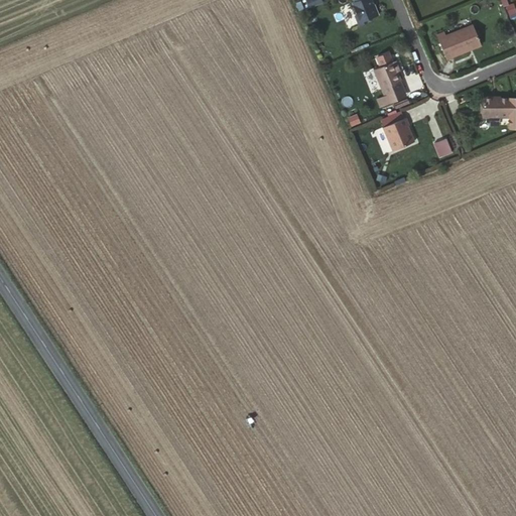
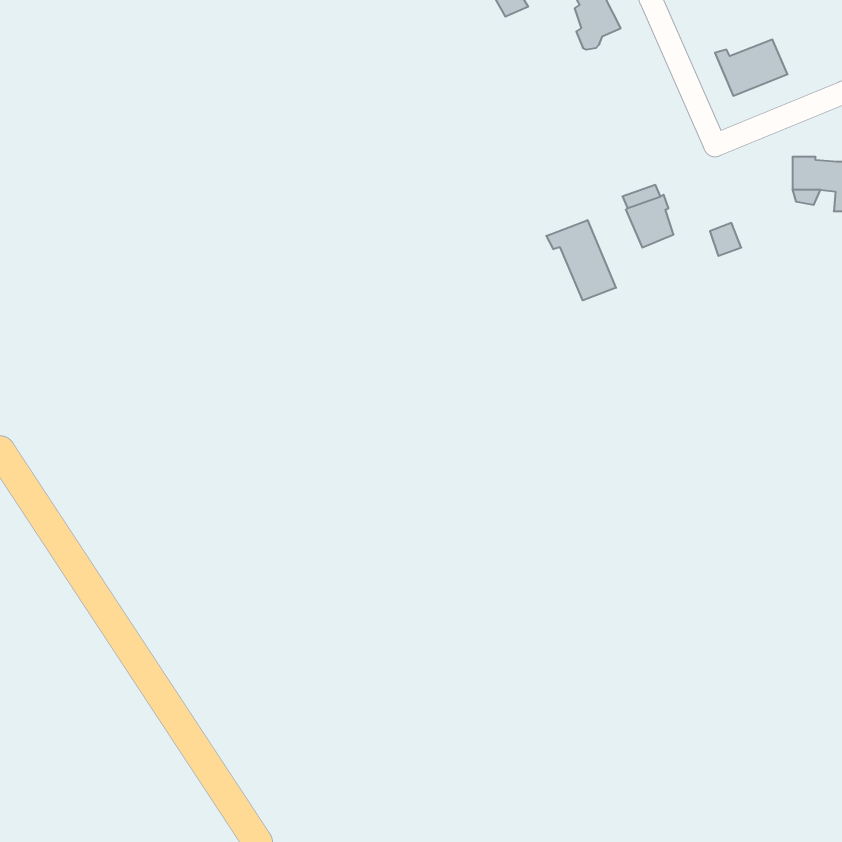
building: [374,61,403,98] -> none
building: none -> [546,220,616,300]

